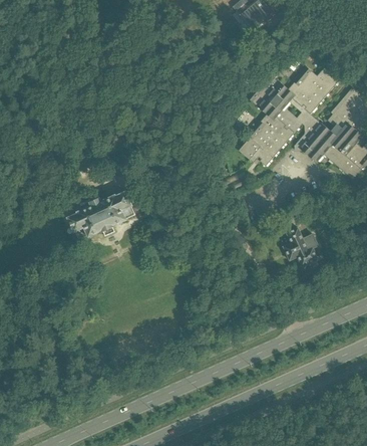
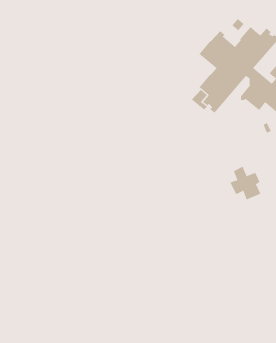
building: [68,189,137,239] -> none

